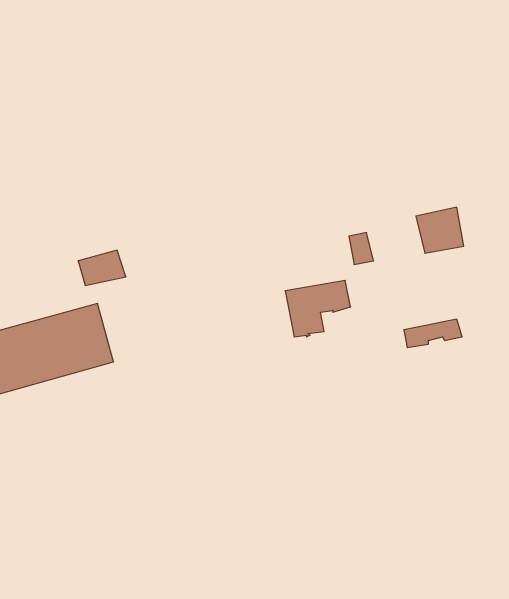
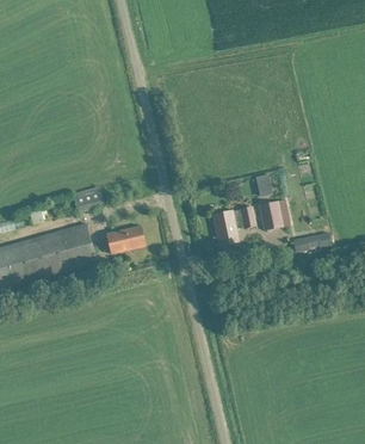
building: [416,207,464,253] -> [258,198,290,229]
building: none -> [106,226,144,254]

